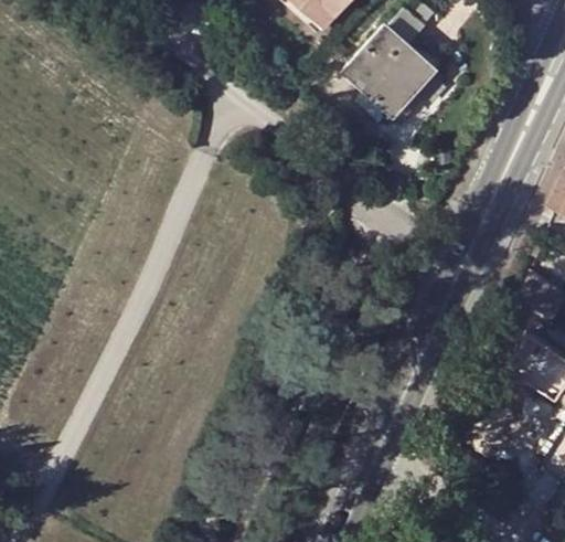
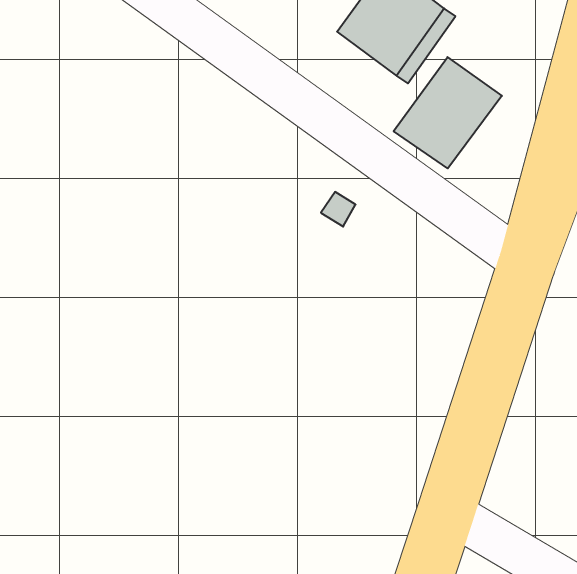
building: none -> [394,57,502,168]

